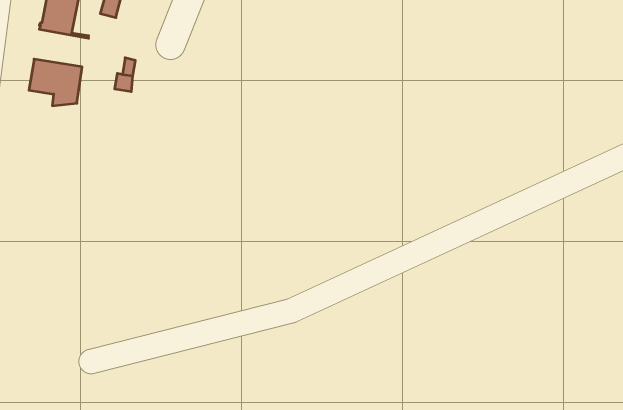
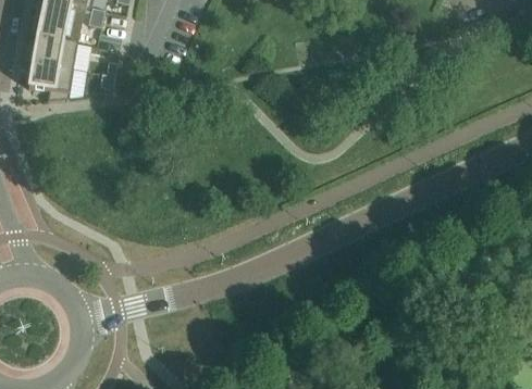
building: none -> [32,35,77,66]

